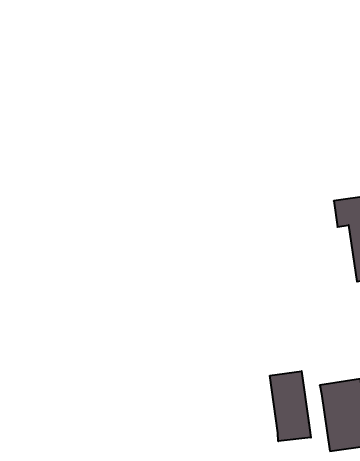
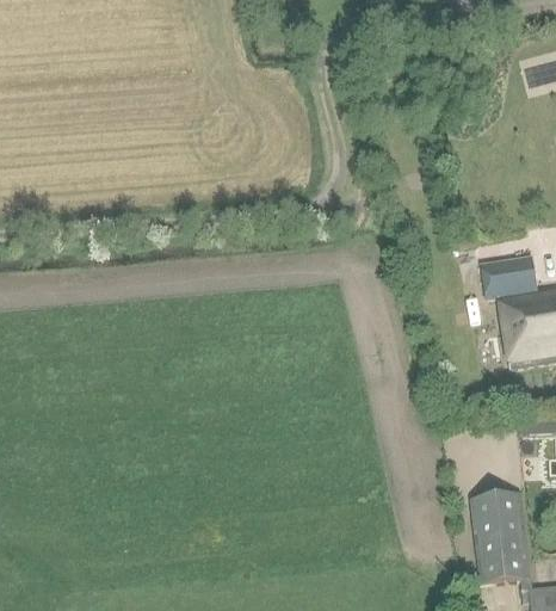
building: [270,371,311,441] -> none

